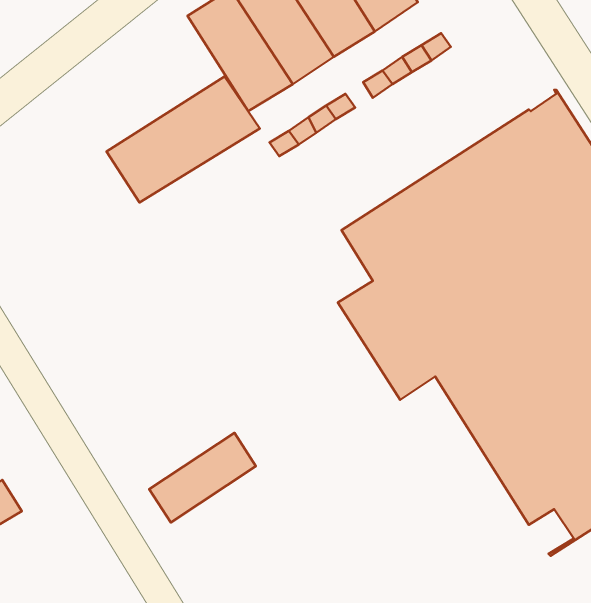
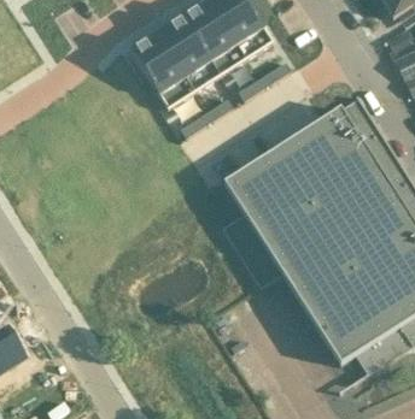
building: [106,77,260,203] -> none
building: [149,433,256,522] -> none

